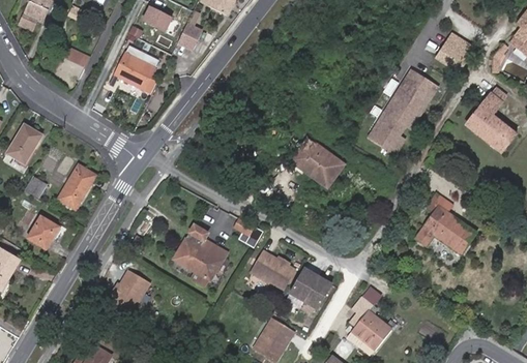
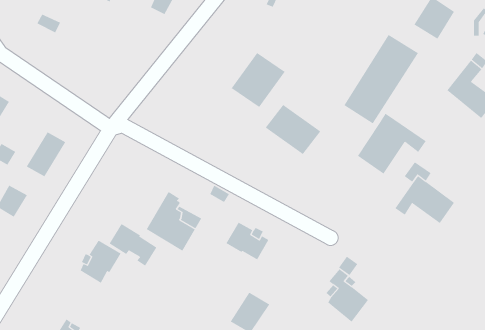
building: [110,53,158,92] -> none
building: none -> [231,52,285,108]
building: none -> [357,113,427,175]
building: none -> [109,223,157,266]
building: [290,273,329,308] -> none

